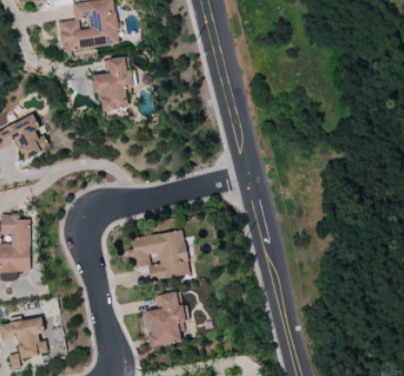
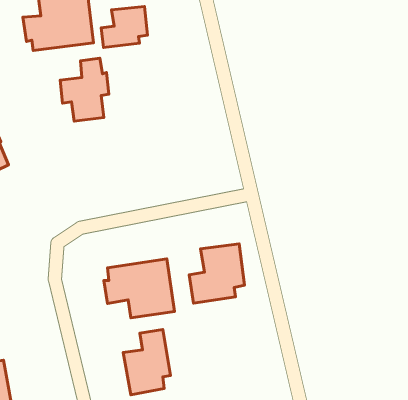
building: none -> [101,6,147,48]
building: none -> [189,244,244,303]

